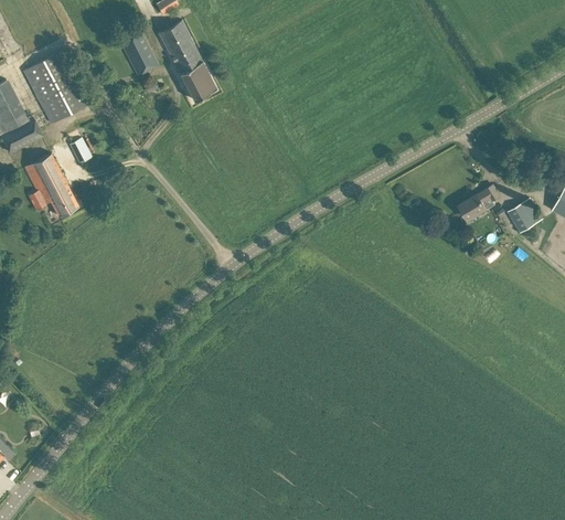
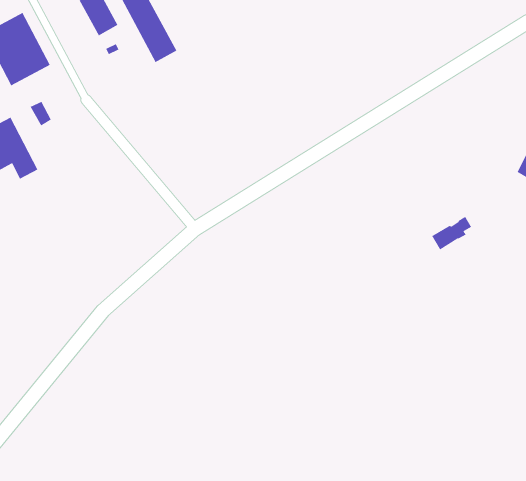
building: [458,185,499,220] -> [431,216,472,250]
building: [508,199,542,232] -> none

